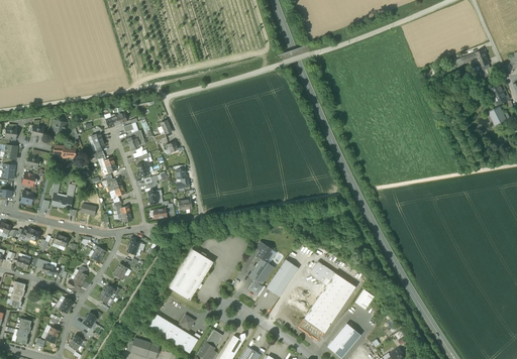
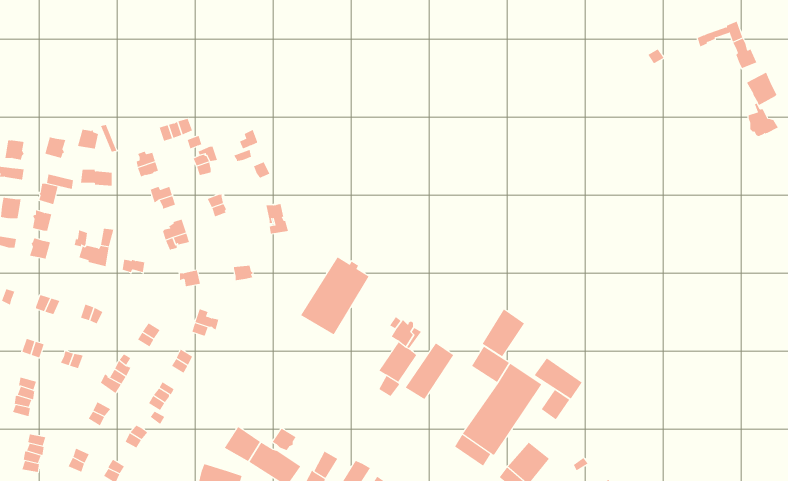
building: none -> [482,309,525,357]
building: [168,249,213,301] -> [300,256,370,335]
building: none -> [534,358,583,400]

